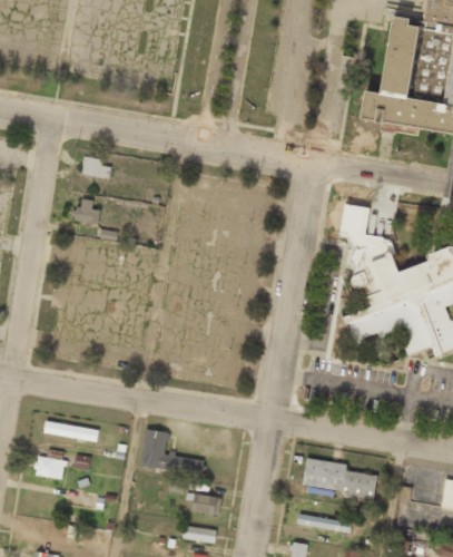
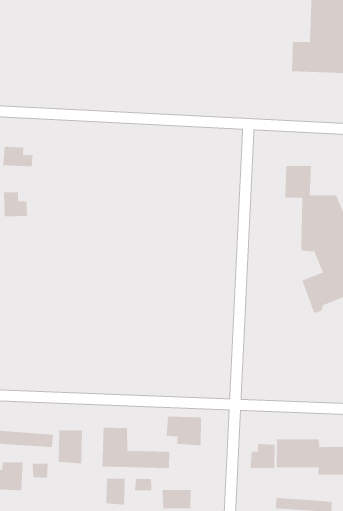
building: none -> [166,416,202,446]
building: none -> [58,429,82,464]
building: none -> [250,443,275,469]
building: none -> [106,478,125,505]

